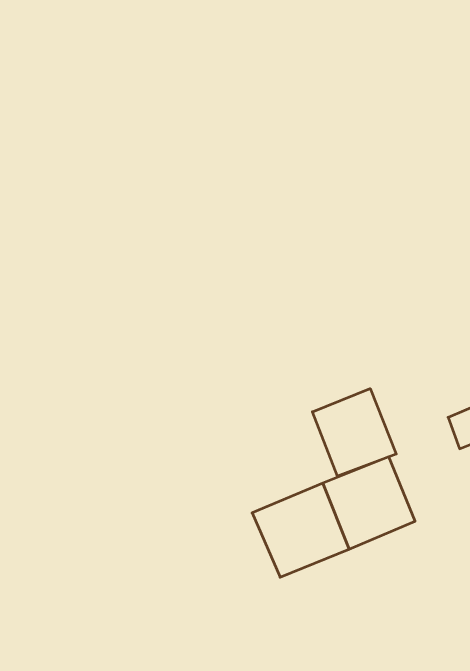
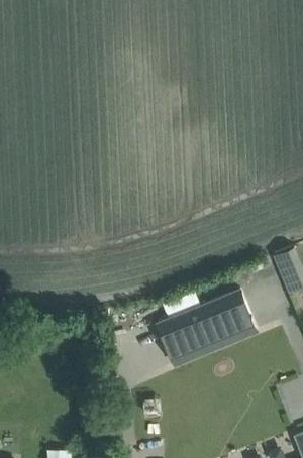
building: [312,389,396,476] -> none

